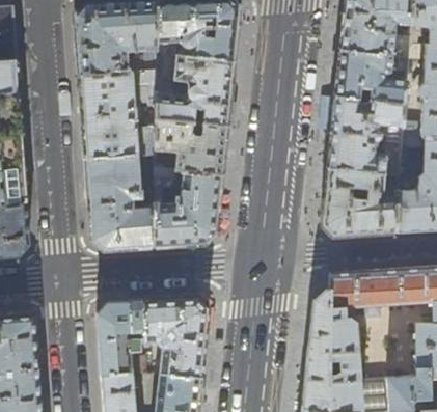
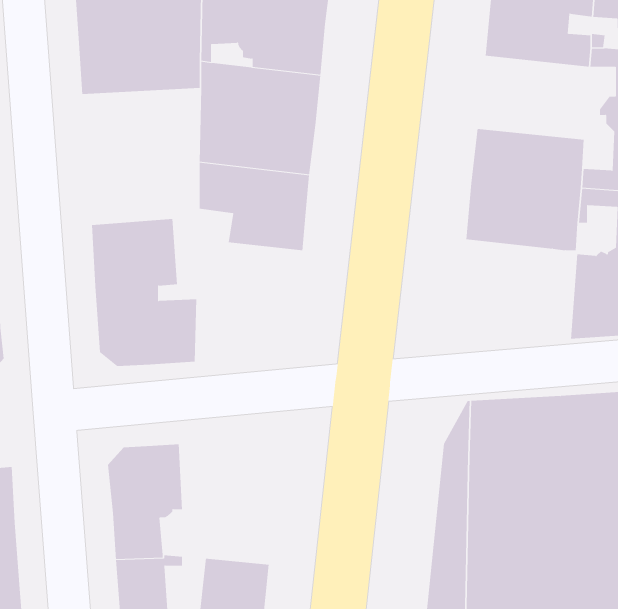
building: [333,53,406,107] -> none
building: [78,74,155,162] -> none
building: [152,171,221,250] -> none
building: [320,171,398,240] -> none
building: [141,299,207,381] -> none

